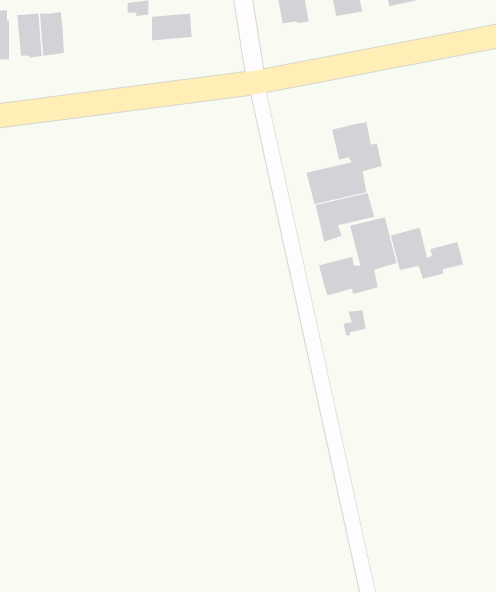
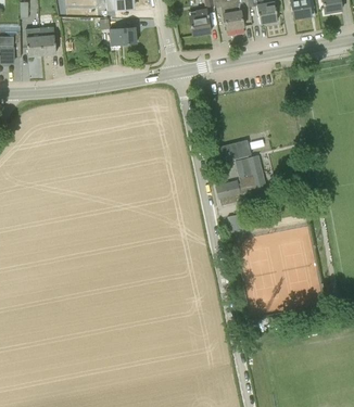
building: [306,122,382,205] -> none
building: [390,227,463,279] -> none

